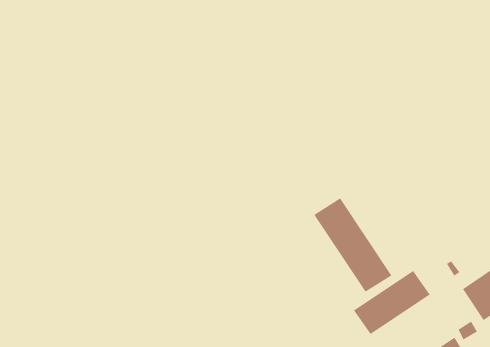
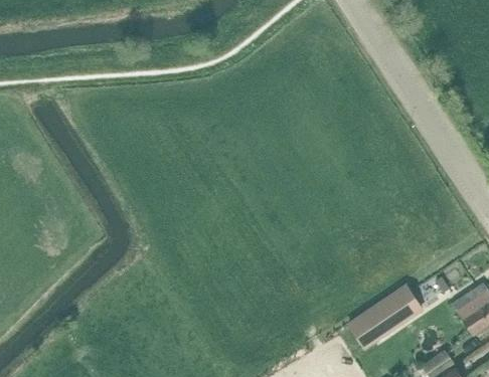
building: [314,198,392,292] -> none

